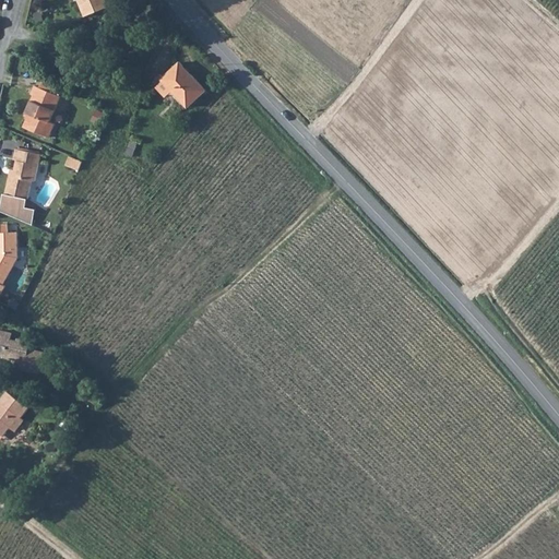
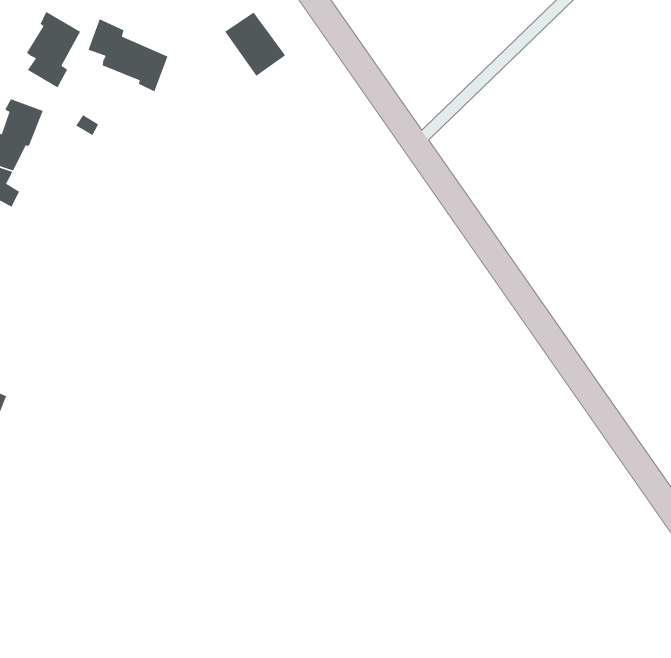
building: none -> [88,18,168,92]

